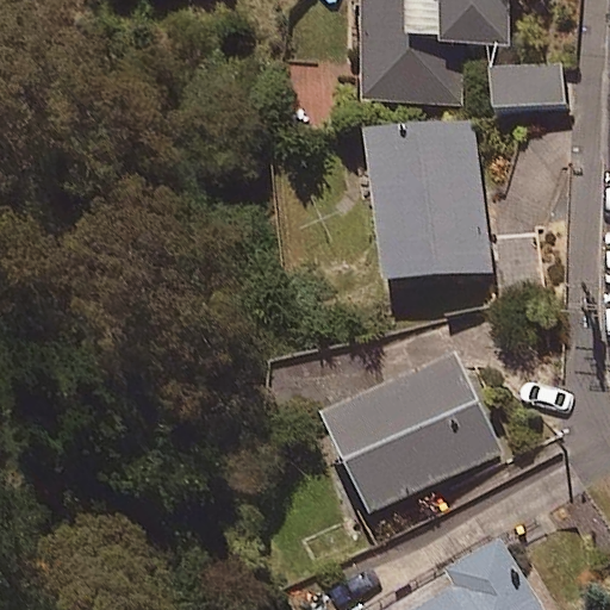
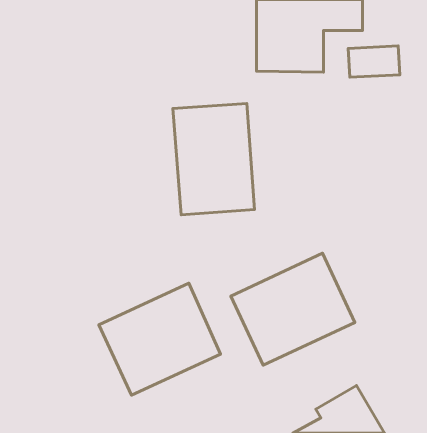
building: [369,122,484,278] -> [173,104,254,215]
building: none -> [99,283,221,395]

